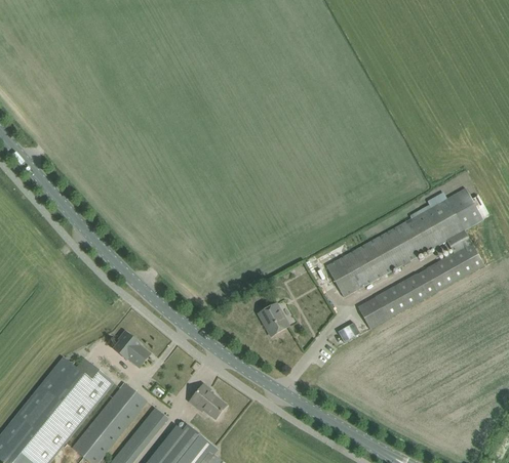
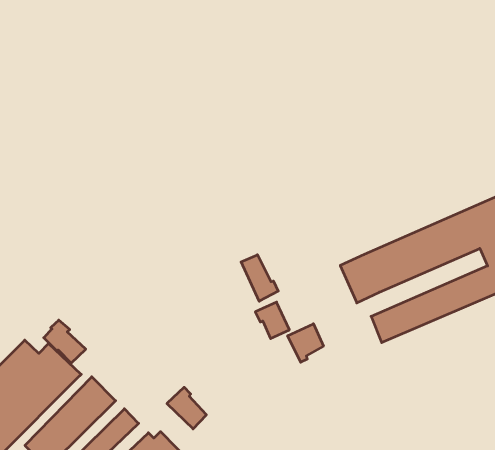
building: none -> [241,255,278,301]
building: none -> [288,324,323,362]
building: [113,332,150,368] -> [44,320,86,363]

